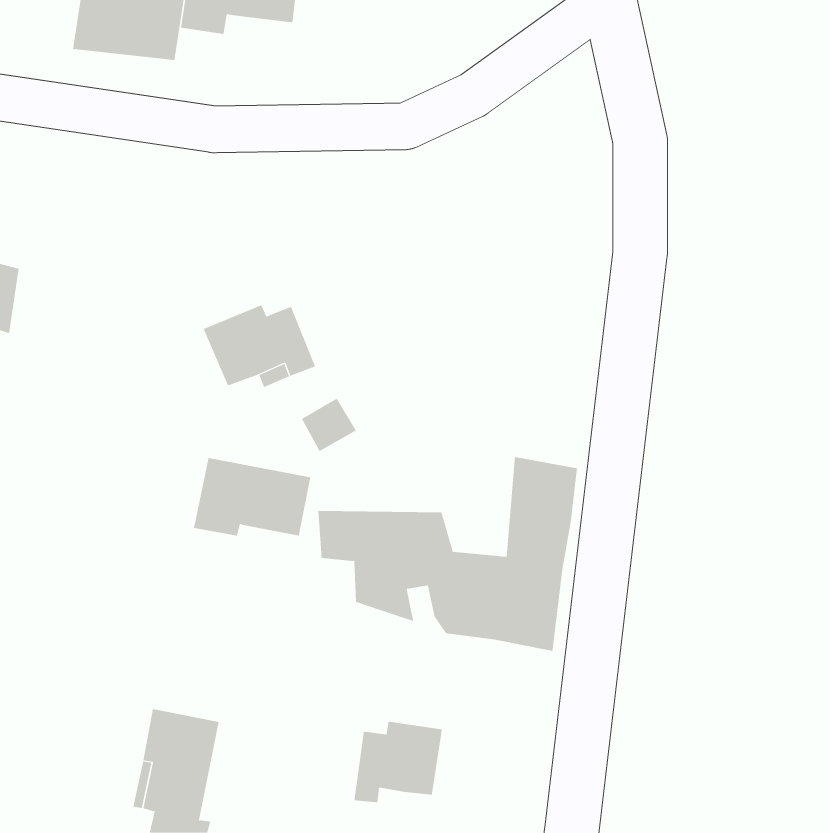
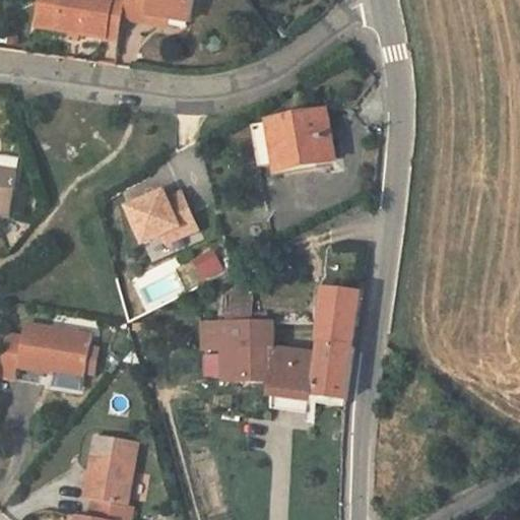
building: none -> [246,112,335,178]
building: [193,458,311,536] -> [15,323,88,372]
building: [354,721,443,803] -> none

